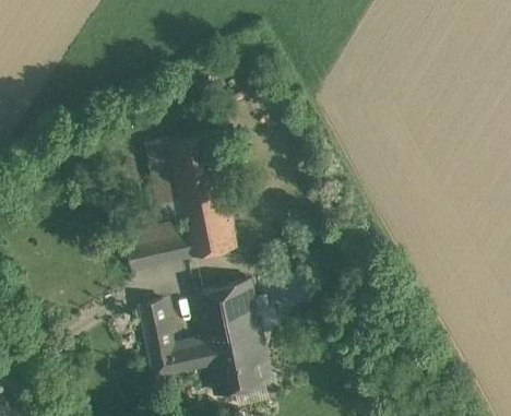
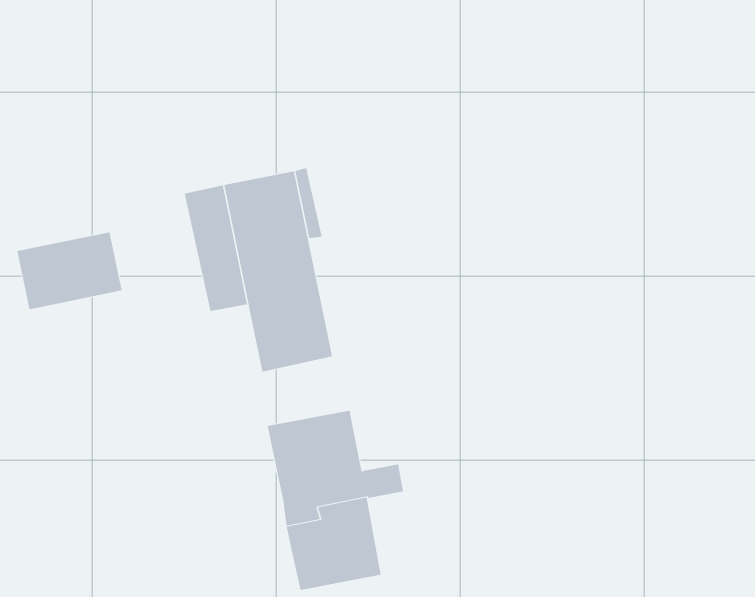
building: [127,221,193,270] -> [17,232,122,310]
building: [142,301,211,377] -> none

